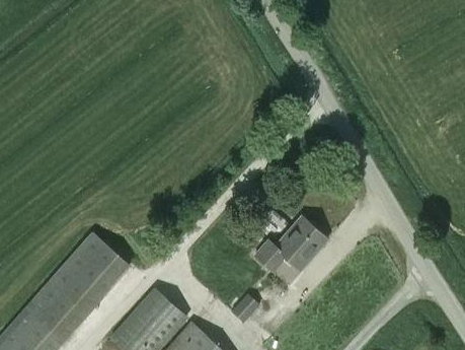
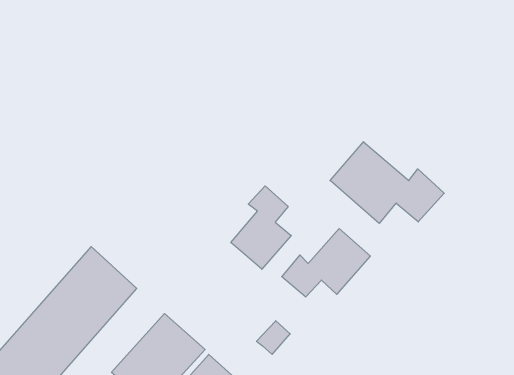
building: none -> [330,142,444,223]
building: none -> [231,186,291,269]

